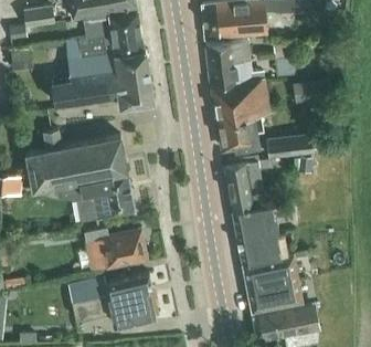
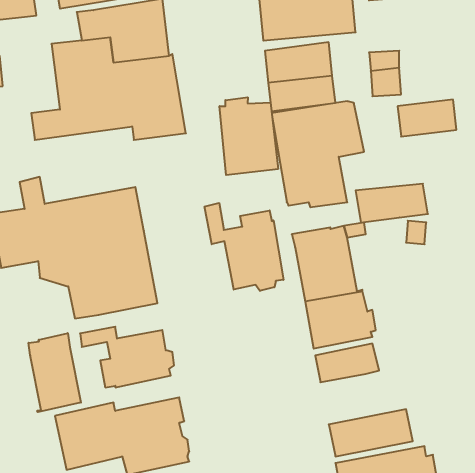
building: none -> [220,97,278,175]
building: none -> [205,203,283,291]
building: none -> [29,333,81,412]
building: [242,254,298,292] -> none

